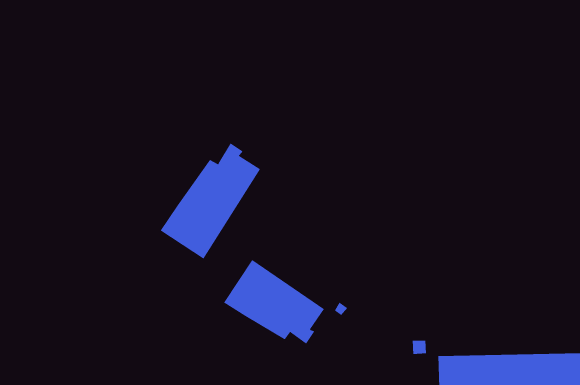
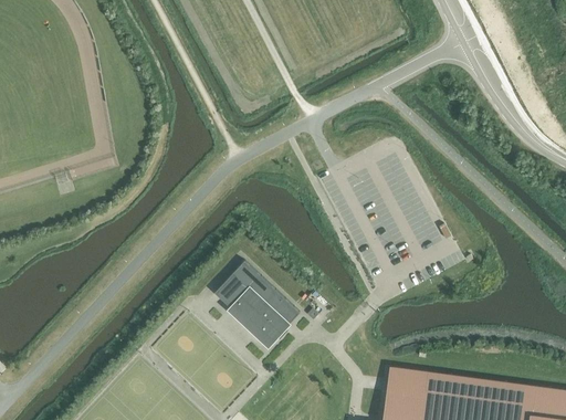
building: [160,143,261,260] -> none

